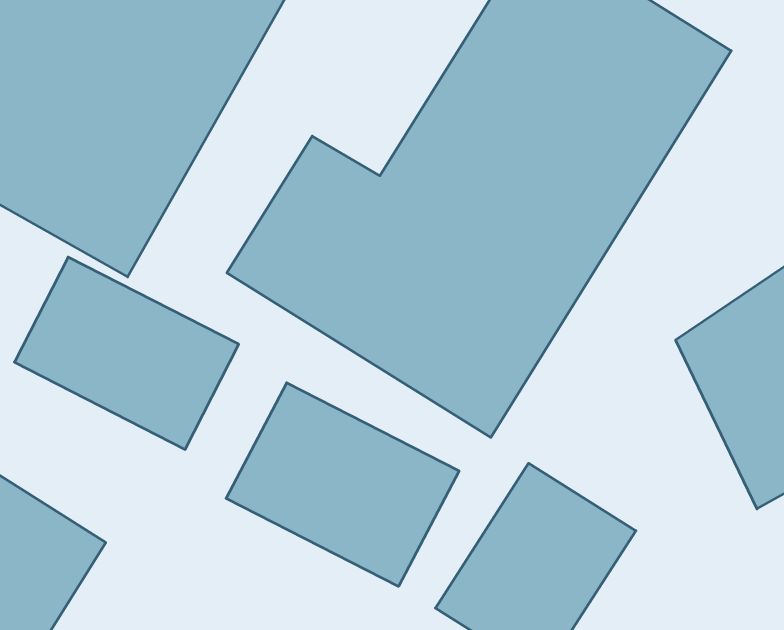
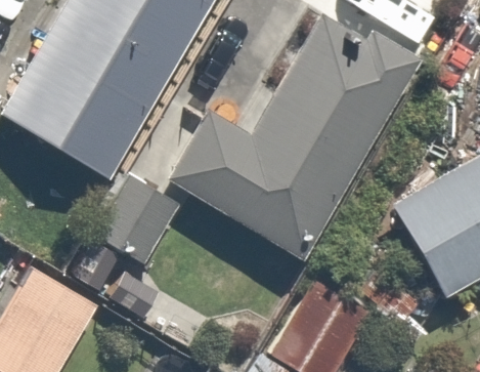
building: [226,383,459,586] -> none

